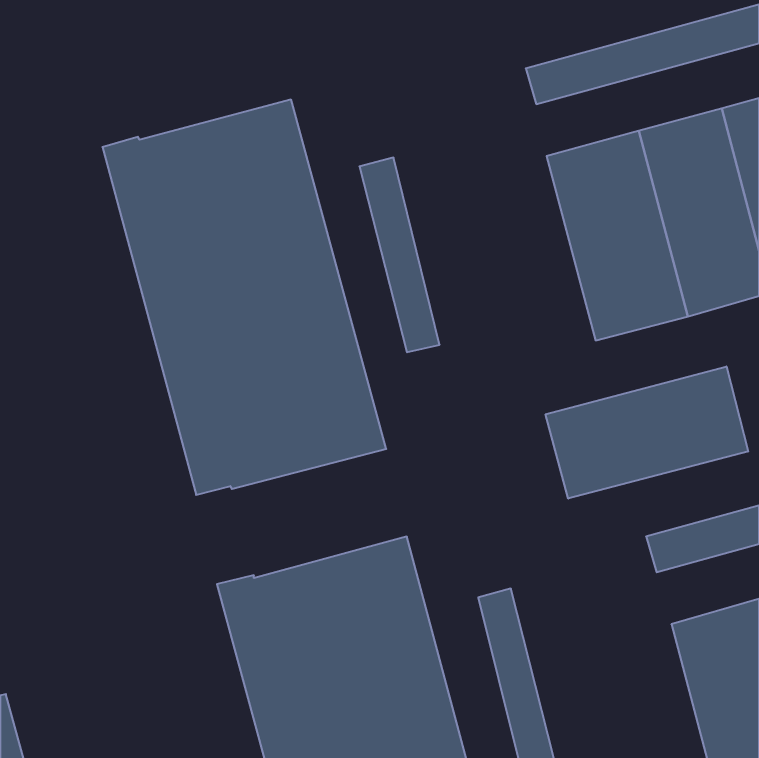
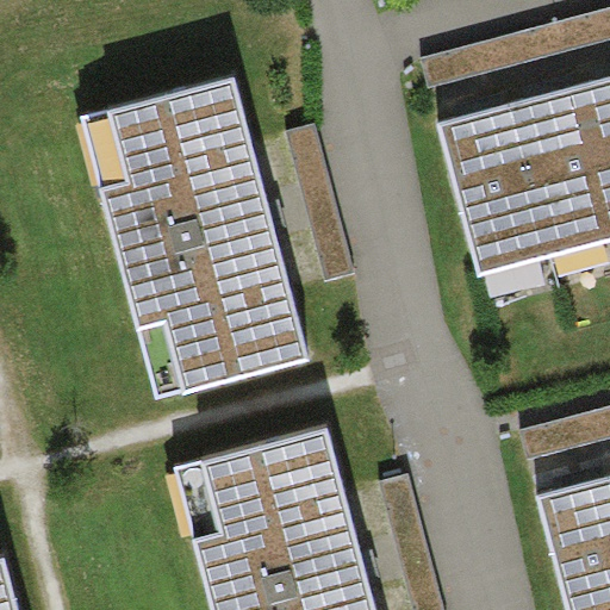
building: [546,366,748,499] -> none

